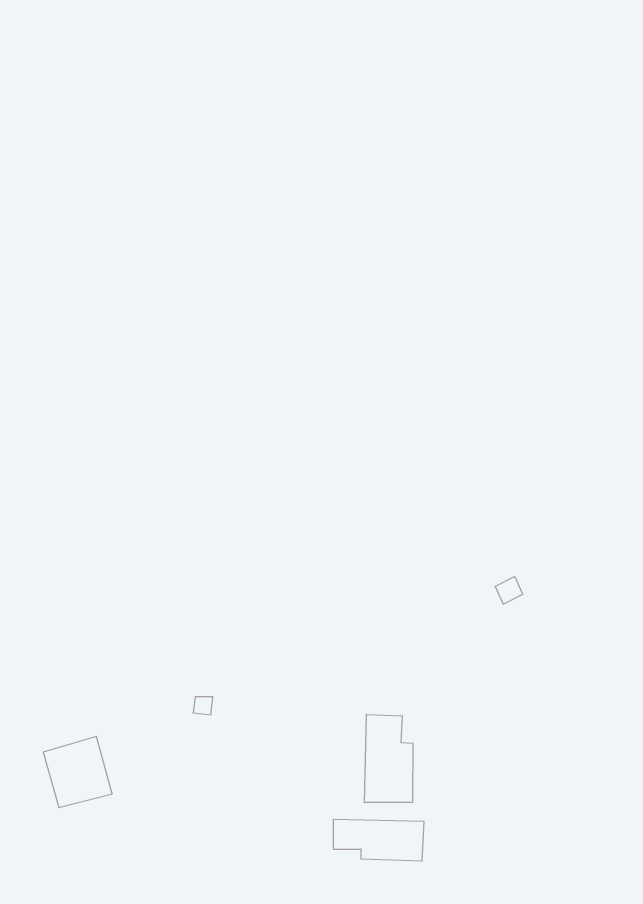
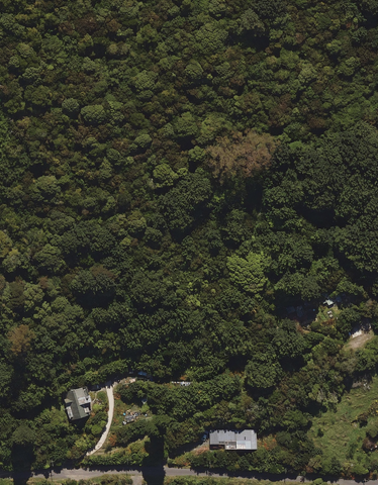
building: [364,714,413,803] -> none

